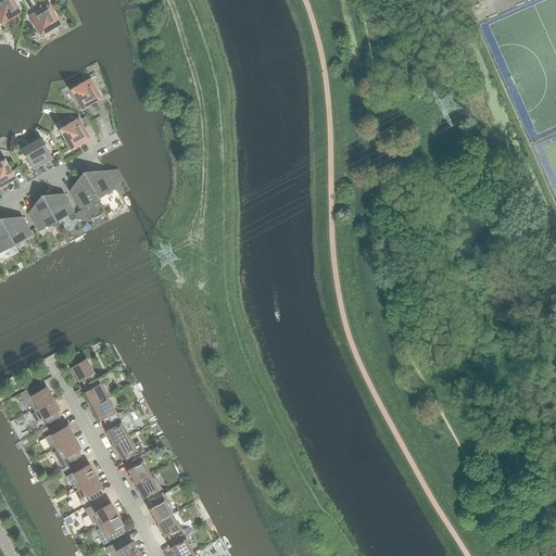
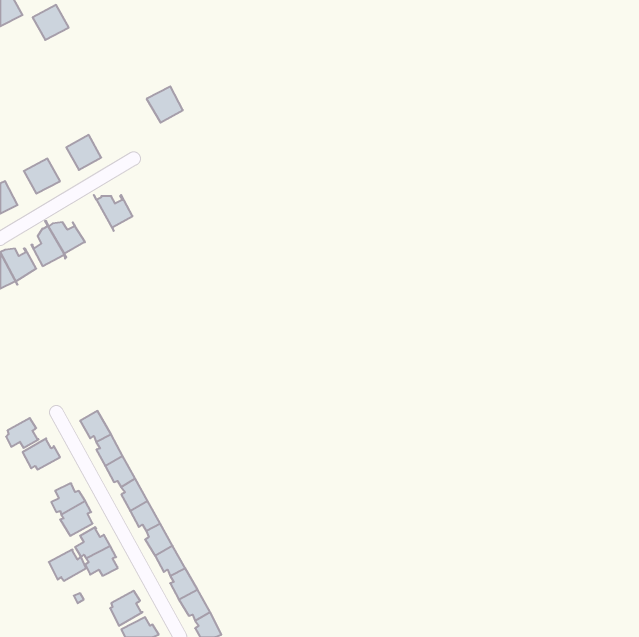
building: [68,77,100,109] -> [147,86,183,123]
building: [70,169,99,207] -> none
building: [31,397,60,424] -> [6,418,39,448]
building: [84,497,116,525] -> [49,550,86,581]

